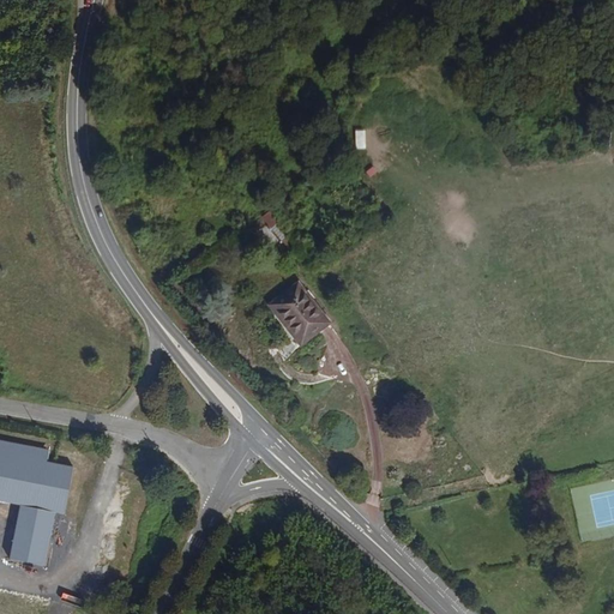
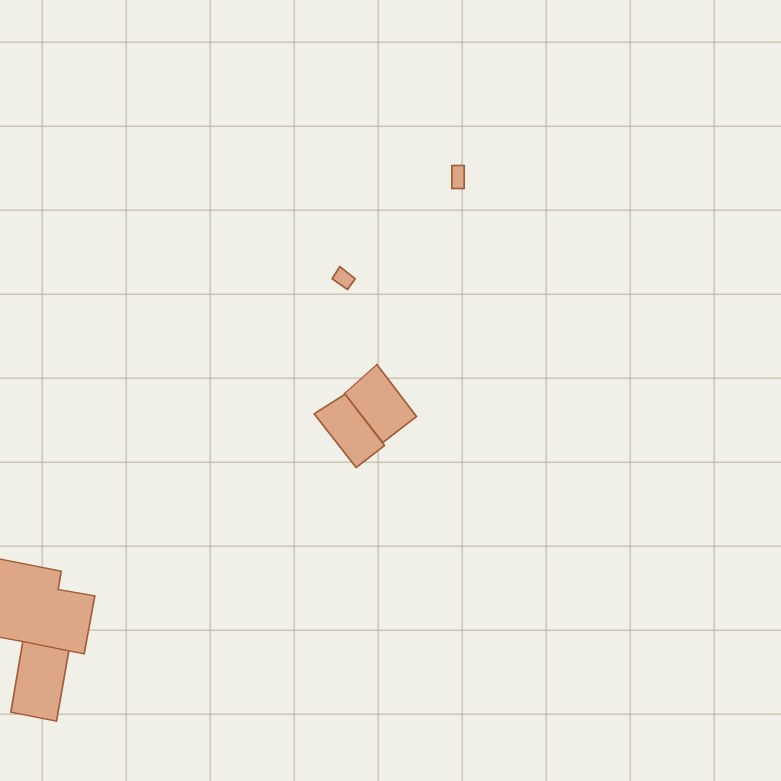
building: none -> [314,394,384,468]

